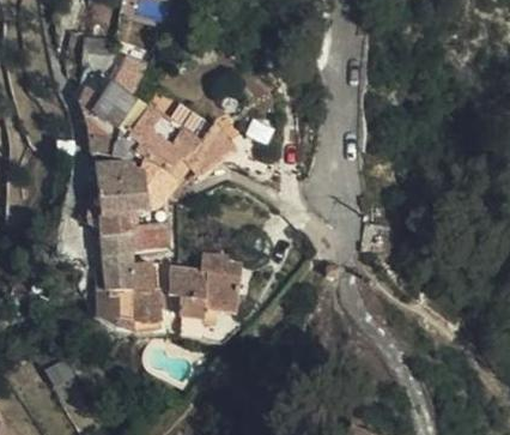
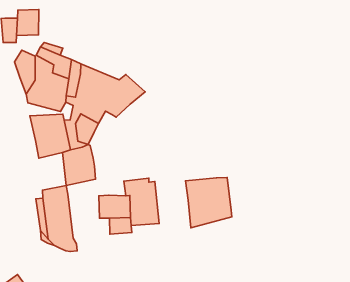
building: [102,215,132,258] -> none
building: none -> [185,178,232,228]
building: [133,265,160,325] -> none

